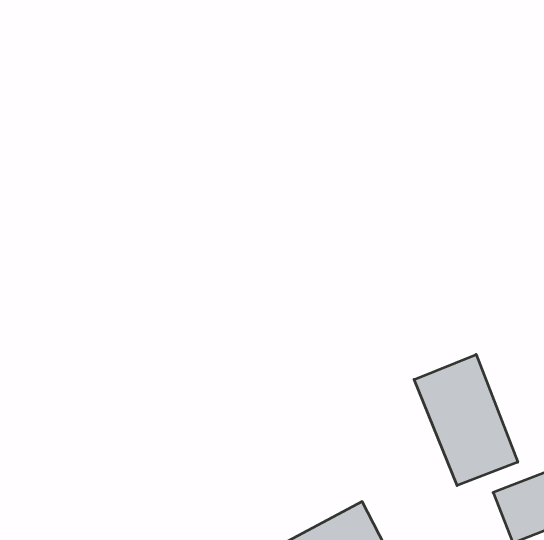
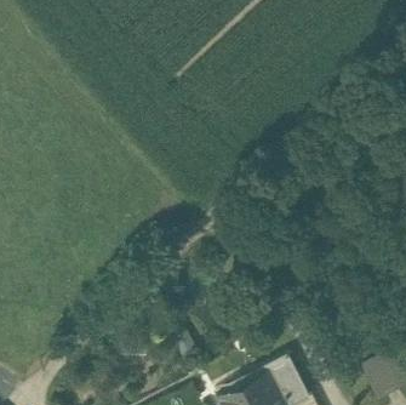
building: [414,354,518,486] -> none

